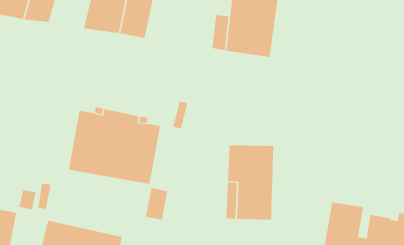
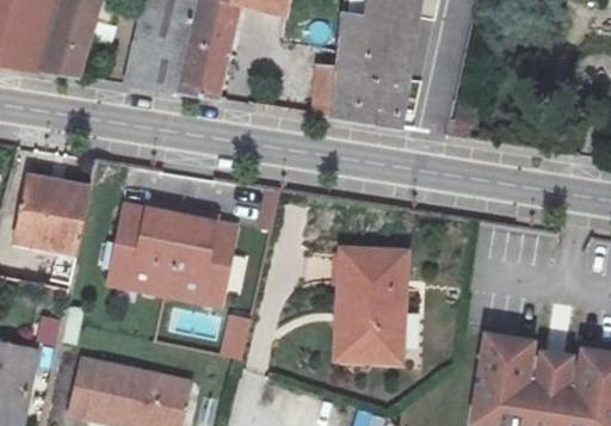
building: none -> [16,174,91,253]

